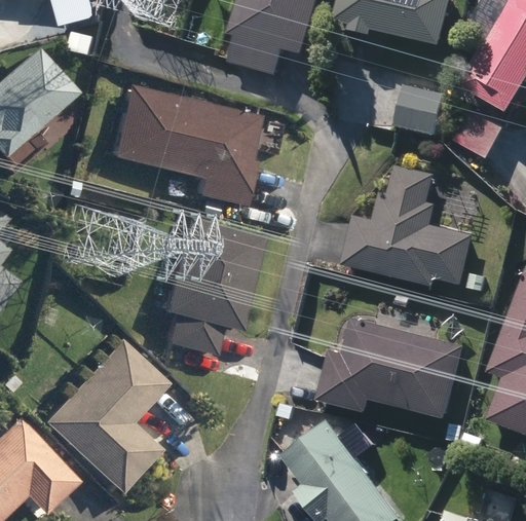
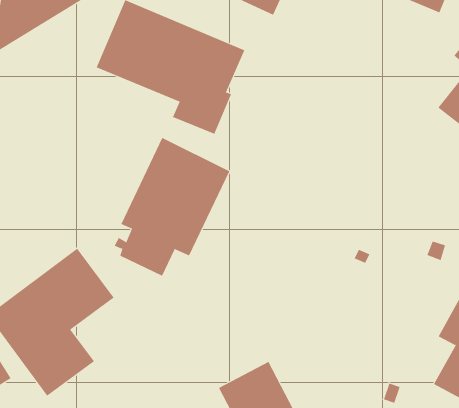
building: [396,84,447,136] -> none
building: [342,165,474,286] -> none
building: [318,319,465,419] -> none

